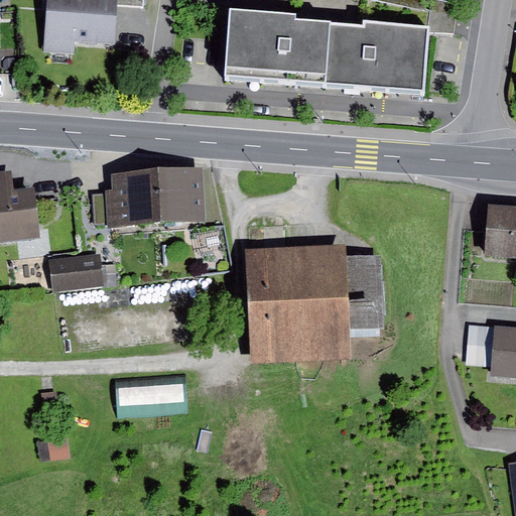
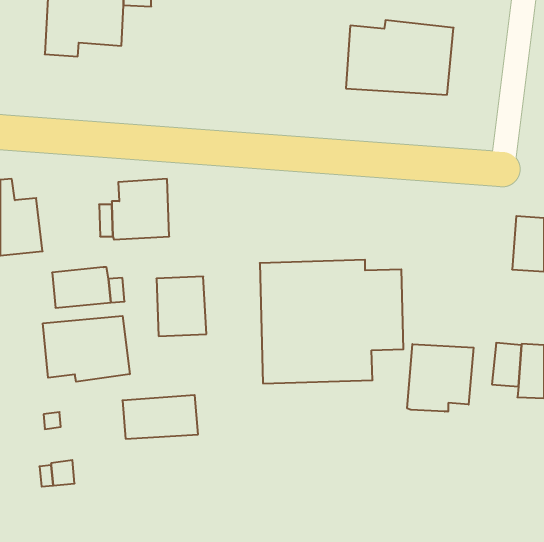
building: [224,7,332,84] -> none
building: [158,167,206,224] -> [156,277,206,336]
building: none -> [43,316,130,382]
building: none -> [407,344,474,412]

